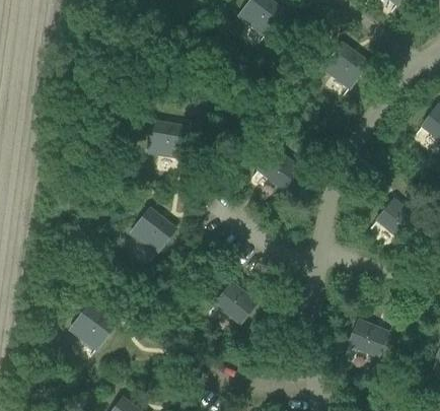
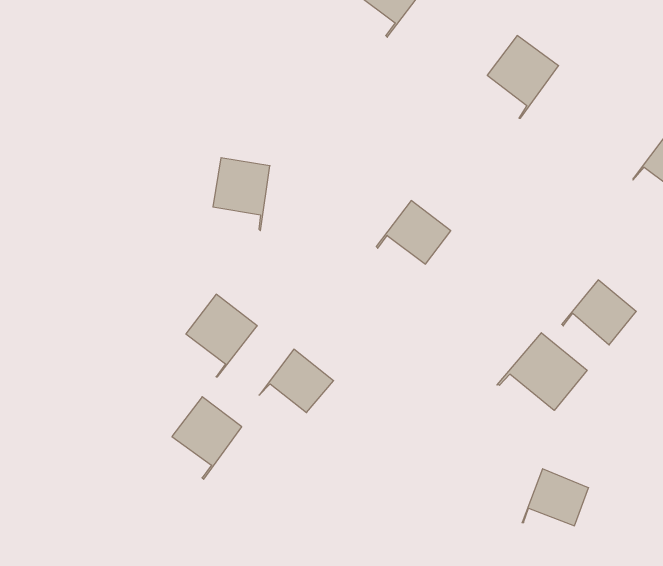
building: none -> [497,333,587,410]
building: [209,282,256,323] -> [259,349,334,413]
building: [70,304,115,357] -> [172,397,242,479]

